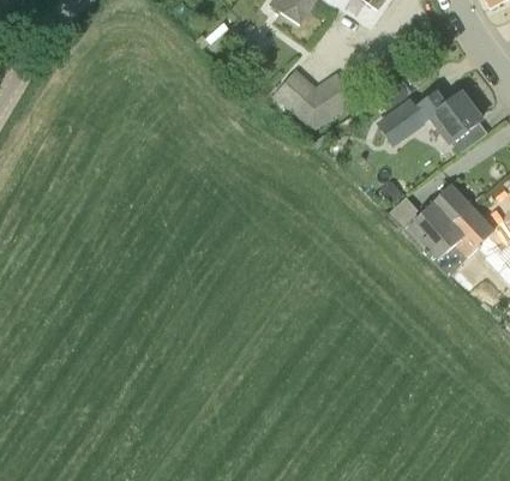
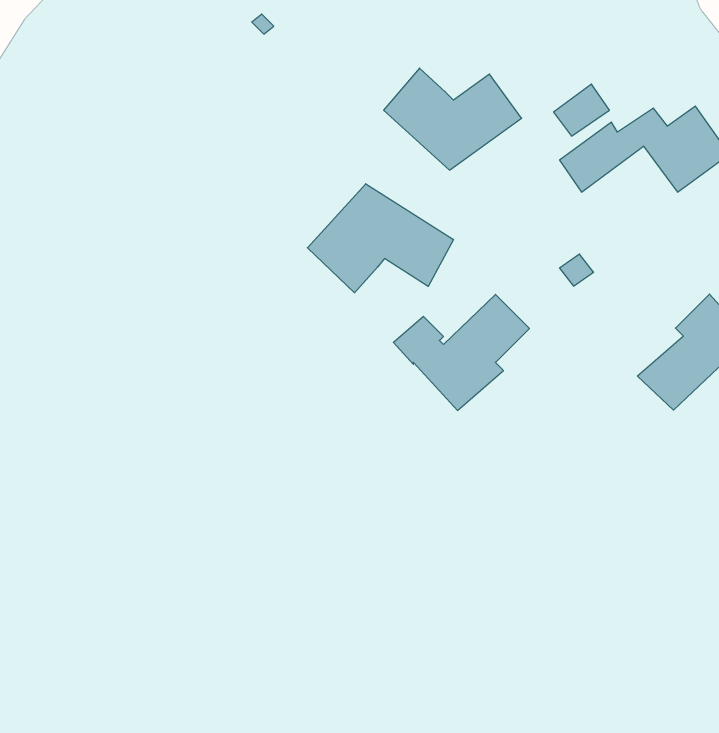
building: none -> [307,184,453,293]
building: [388,184,469,253] -> [393,294,529,410]

